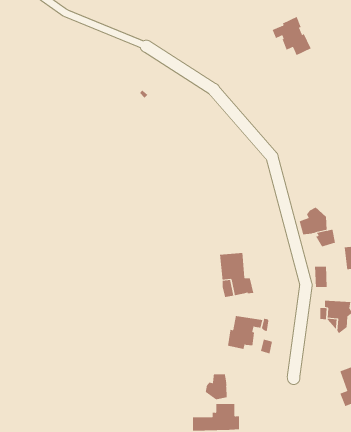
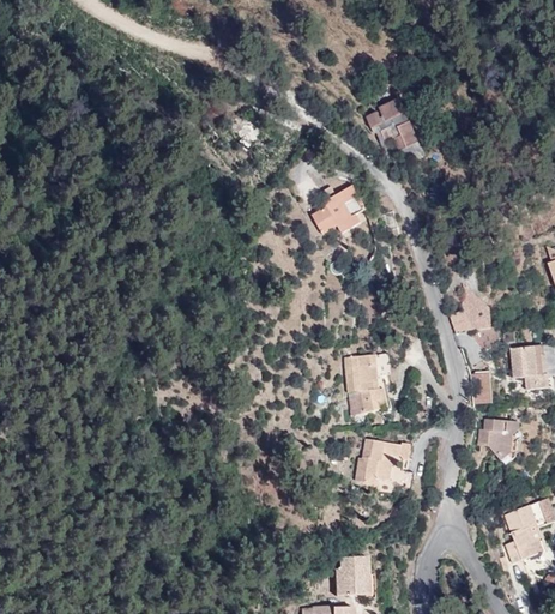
building: [272,16,311,56] -> [367,98,420,151]
building: none -> [312,185,366,233]
building: [205,373,227,400] -> none

